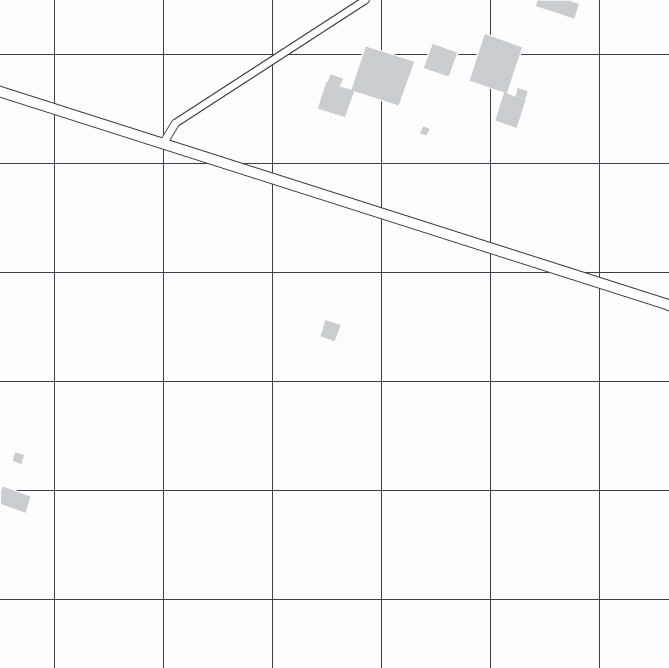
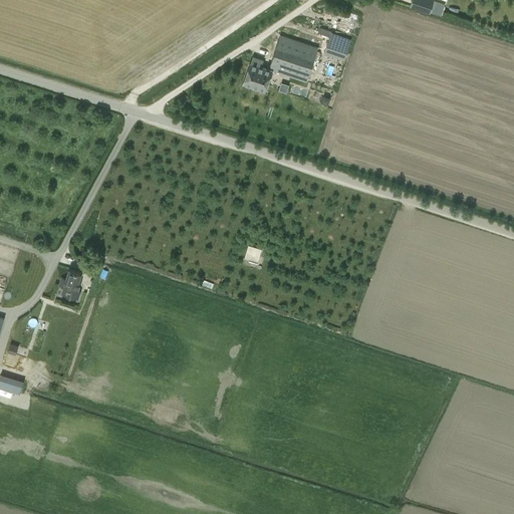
building: [469,33,529,129] -> none
building: none -> [58,270,82,300]

